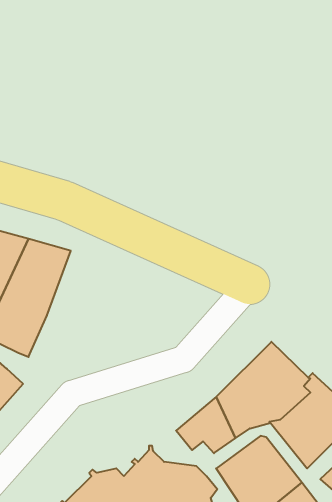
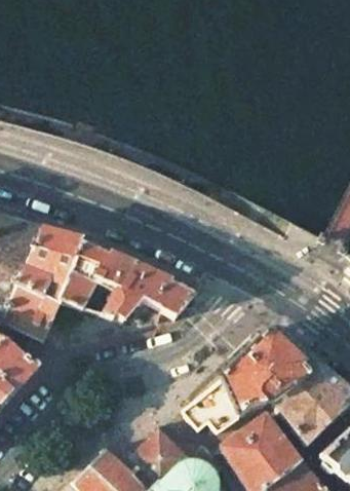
building: none -> [60,240,196,322]

